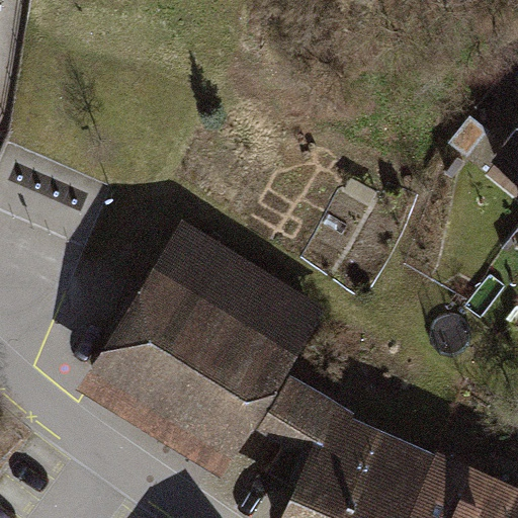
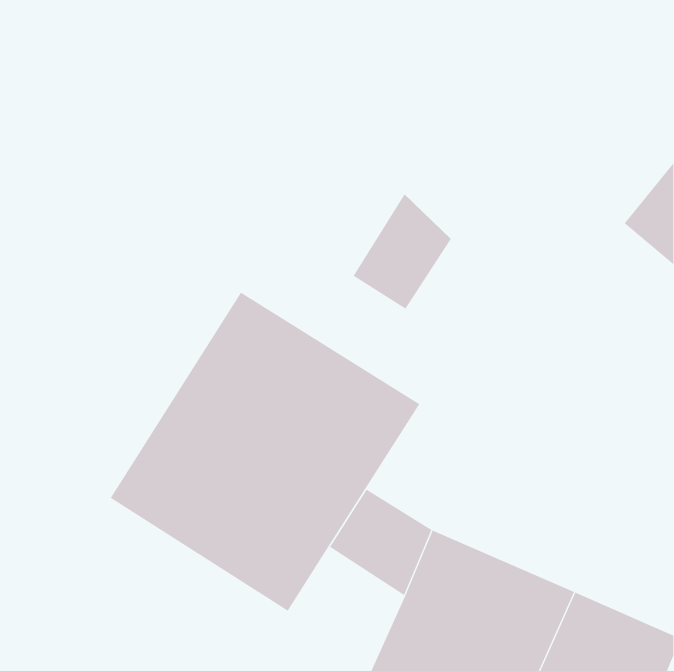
building: none -> [353,194,451,310]

